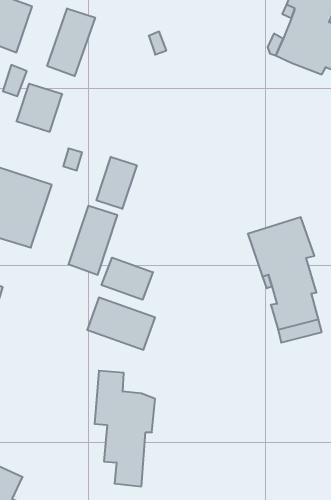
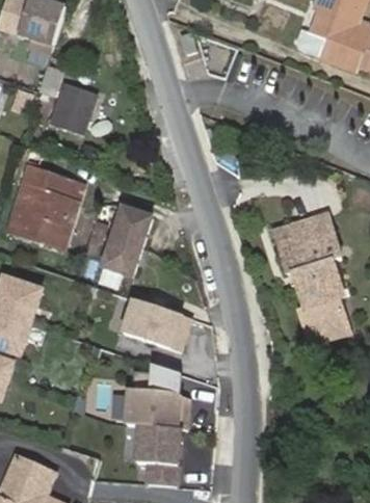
building: [47,8,95,76] -> none
building: [96,157,137,209] -> none
building: [102,258,153,300] -> none

